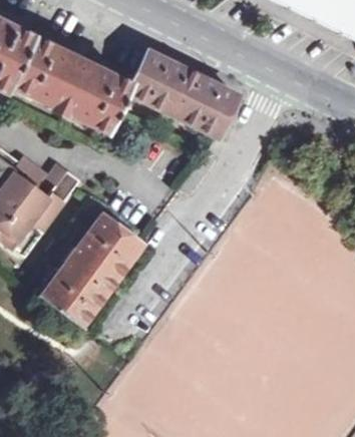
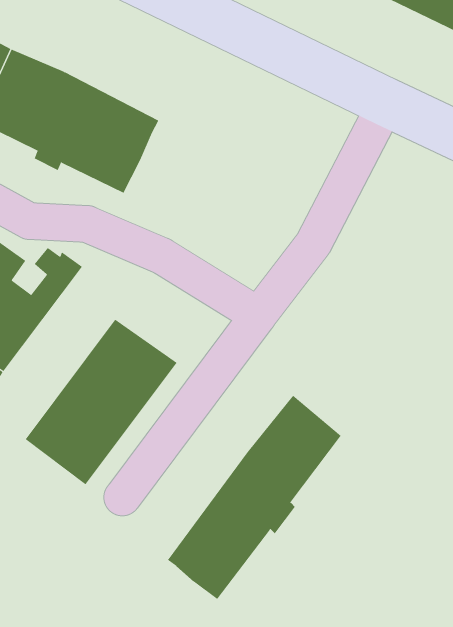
building: [126,49,238,134] -> none
building: none -> [167,395,342,600]

